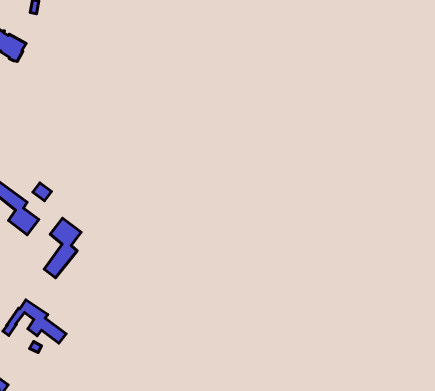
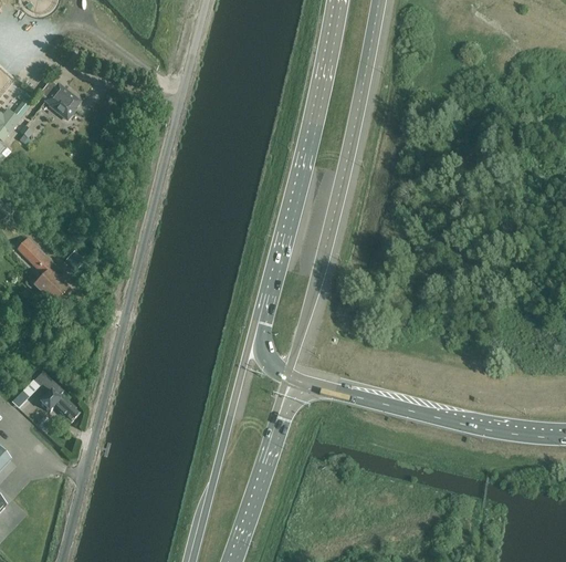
building: [44,218,81,278] -> none

